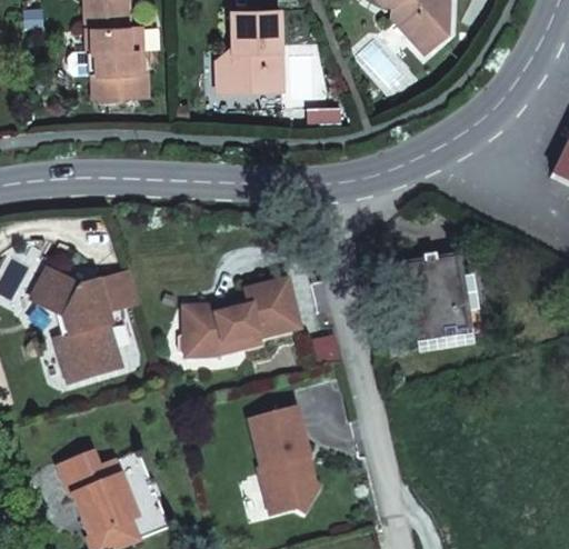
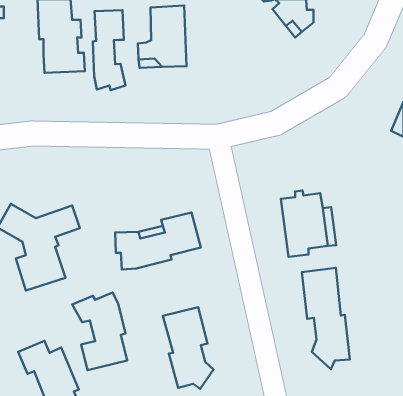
building: none -> [93,10,125,90]
building: none -> [302,268,350,369]
building: none -> [72,293,127,370]

